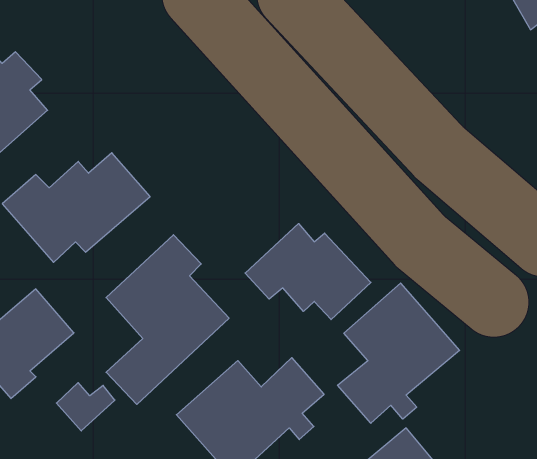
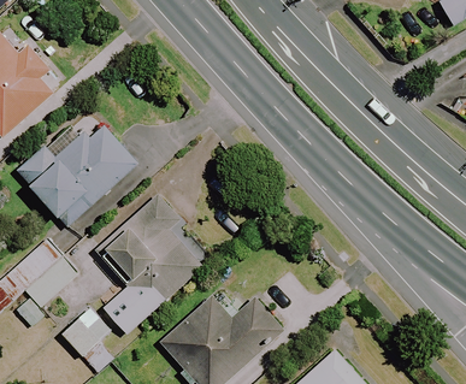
building: [245,224,371,320] -> none
building: [338,283,460,423] -> none

